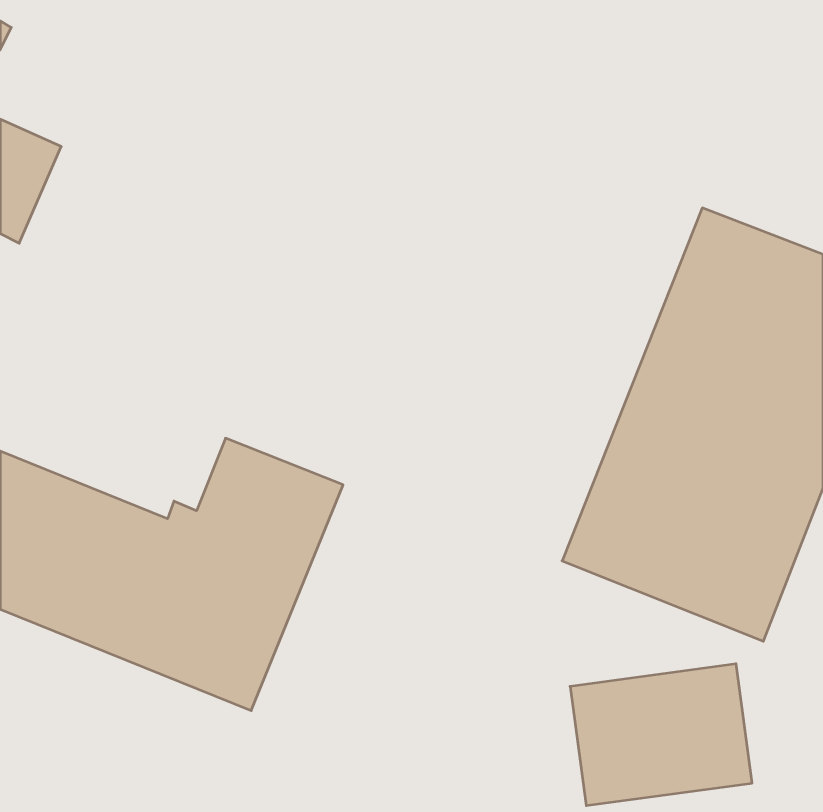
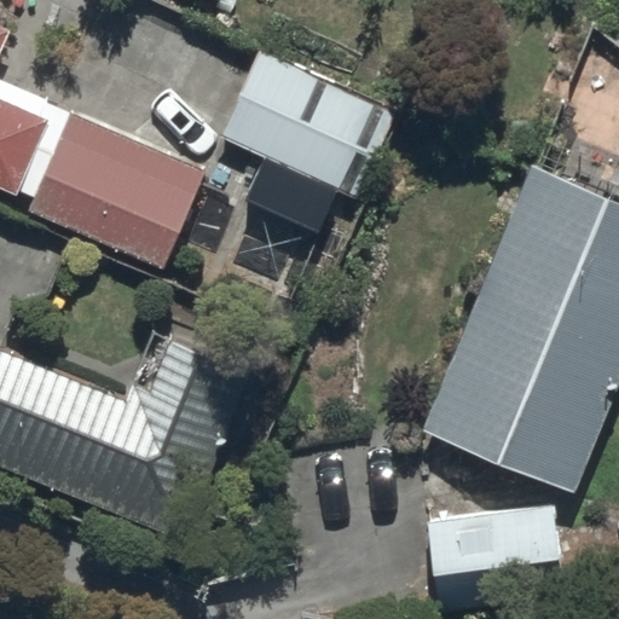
building: none -> [224,56,398,198]
building: none -> [30,115,204,267]

